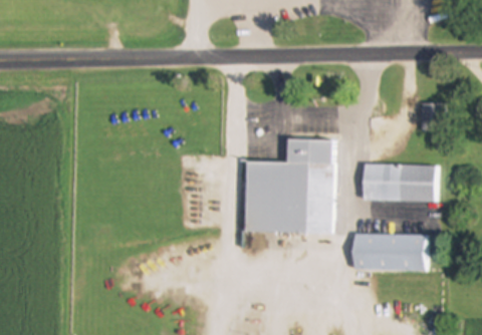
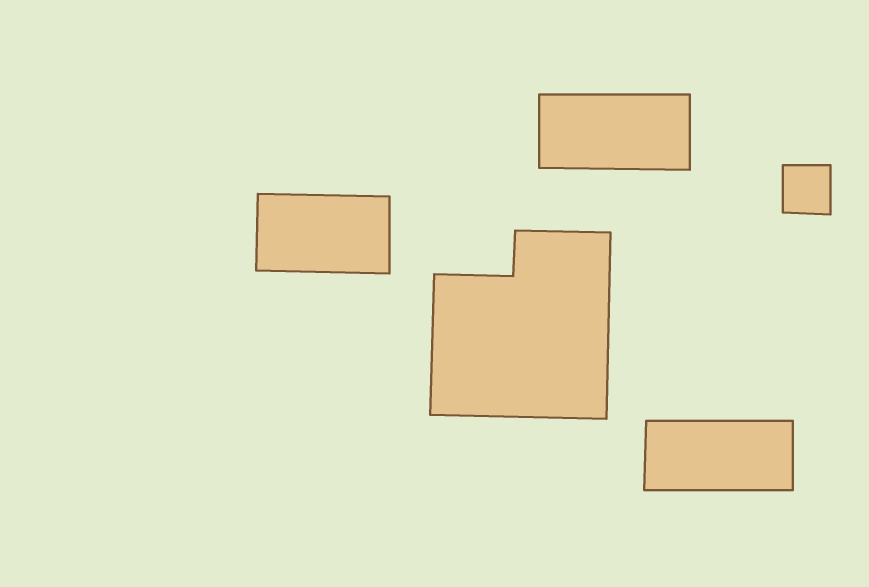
building: none -> [256,194,390,274]
building: [364,164,440,203] -> [539,95,690,170]

